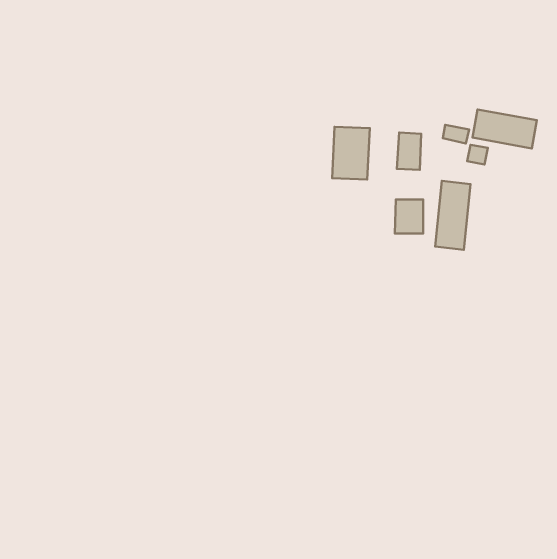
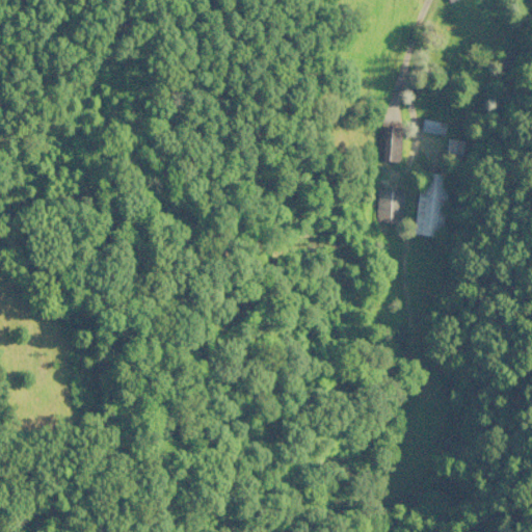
building: [473,109,537,148] -> none
building: [332,127,370,179] -> none

